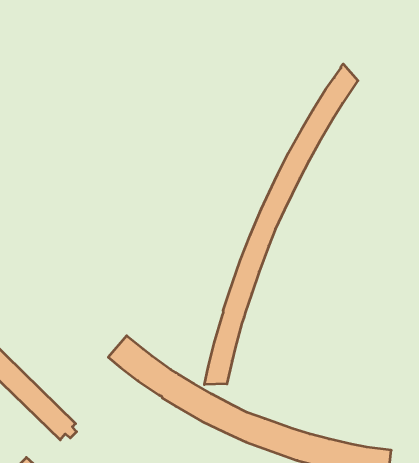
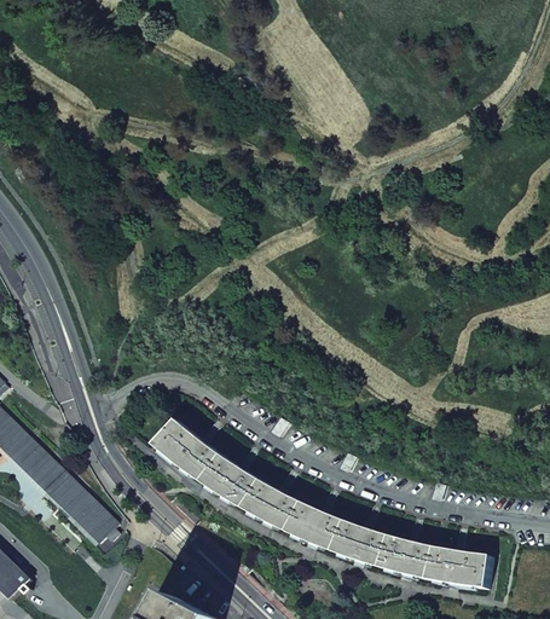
building: [204,64,358,385] -> none

